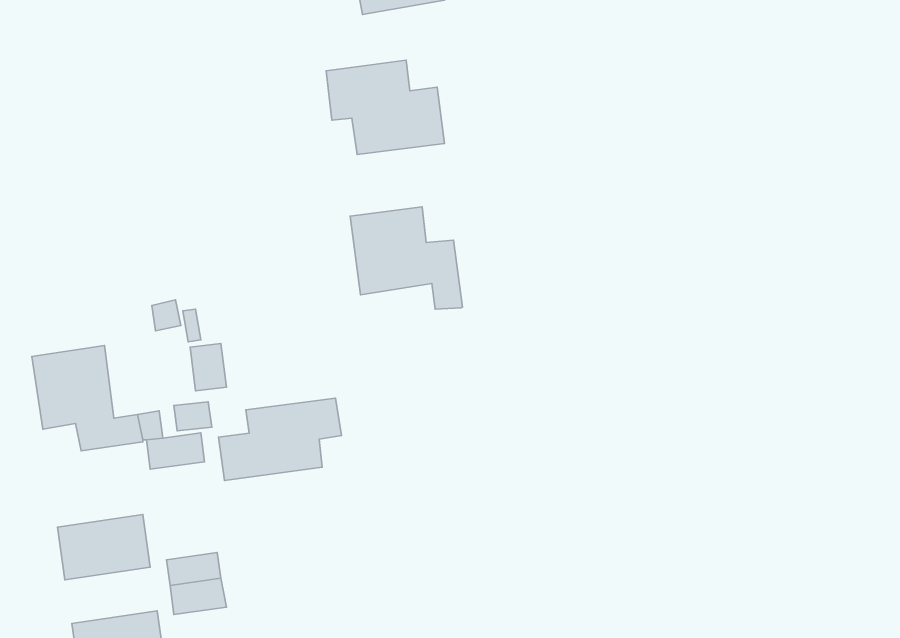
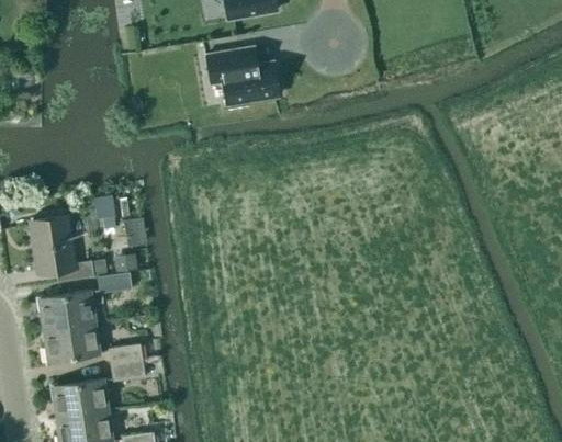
building: [350,207,462,309] -> none
building: [219,398,341,480] -> none
building: none -> [38,291,94,329]

